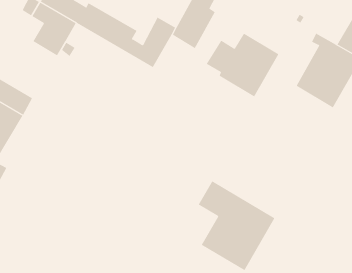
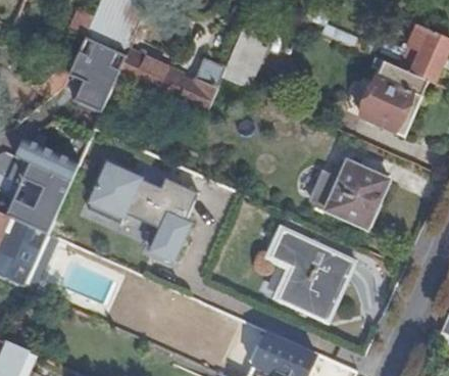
building: [206,33,279,97] -> [310,160,388,228]
building: none -> [88,163,198,260]

